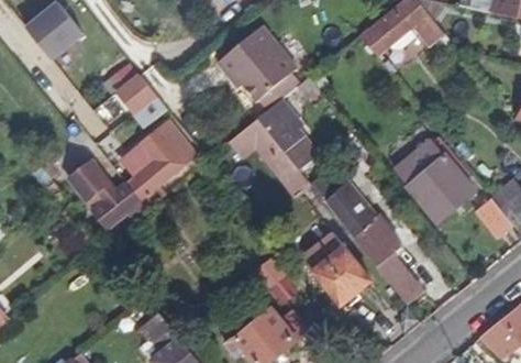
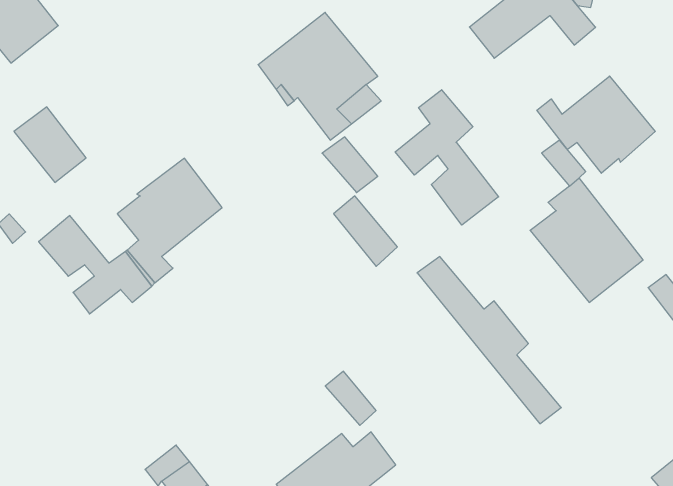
building: none -> [537,76,655,173]
building: [117,75,165,125] -> [14,107,86,182]
building: none -> [395,90,499,225]
building: [224,117,281,160] -> none
building: [304,233,369,300] -> none

